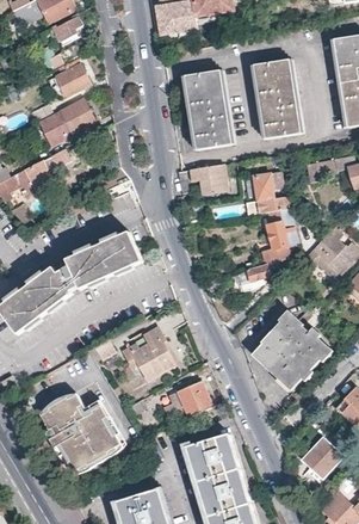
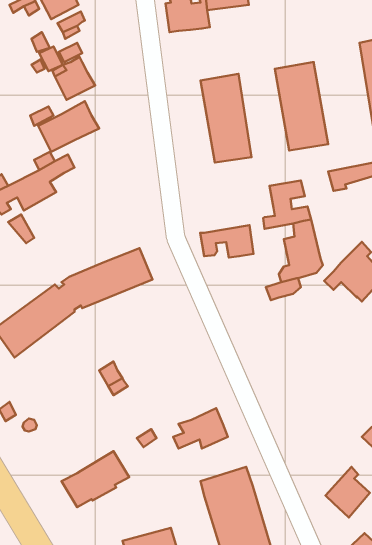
building: [175,164,224,193] -> [200,225,254,258]
building: [253,313,327,387] -> none
building: [128,326,177,380] -> none
building: [39,393,106,446] -> none

